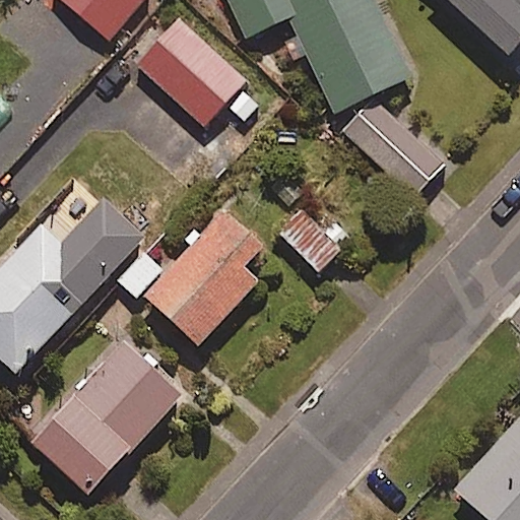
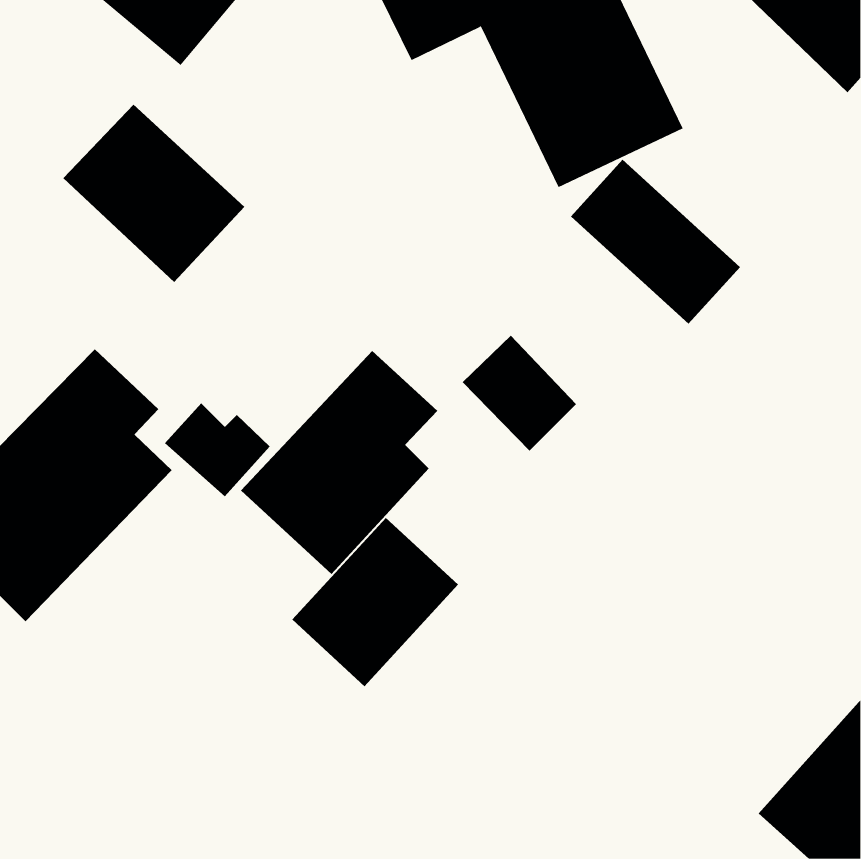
building: [136,18,246,126] -> [62,104,245,283]
building: none -> [291,517,459,687]
building: [27,336,184,496] -> none

